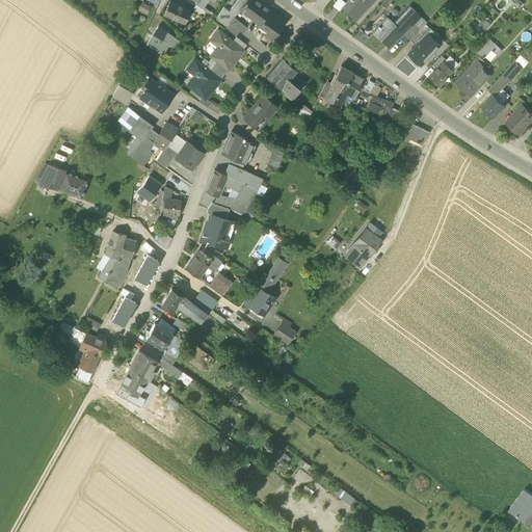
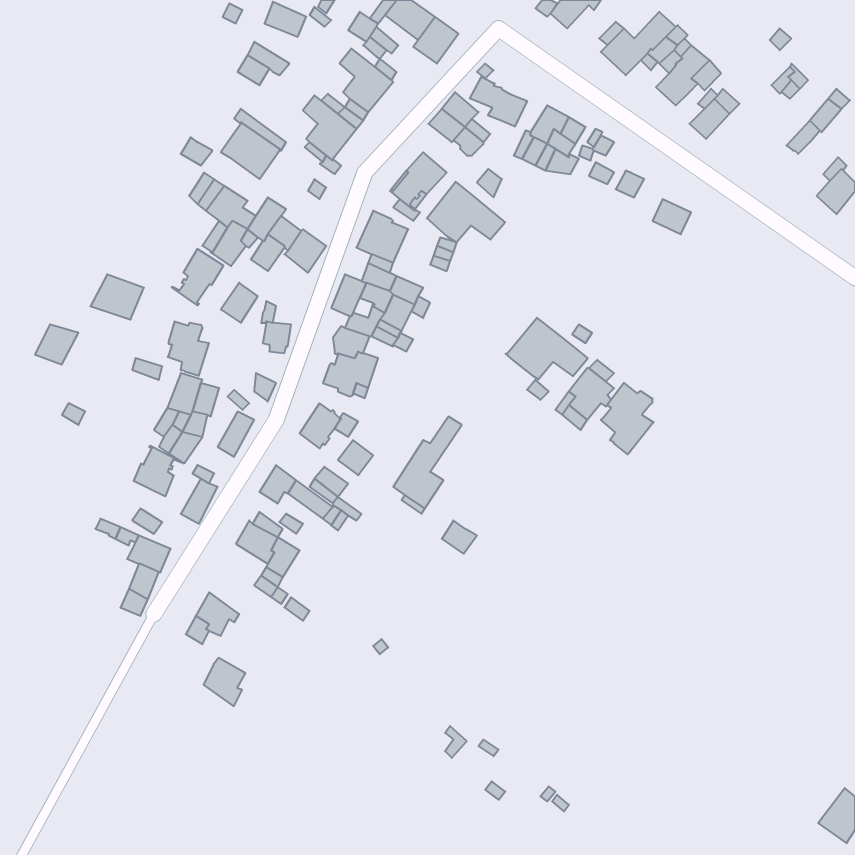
building: none -> [470,77,527,127]
building: [454,60,490,98] -> none
building: [481,88,510,118] -> none
building: none -> [427,182,505,243]
building: none -> [172,249,223,305]
building: [39,165,66,190] -> [35,324,78,365]
building: none -> [506,318,588,380]
building: none -> [168,321,209,376]
building: none -> [601,383,654,454]
building: none -> [134,446,182,496]
building: [130,351,156,381] -> [204,658,245,706]

